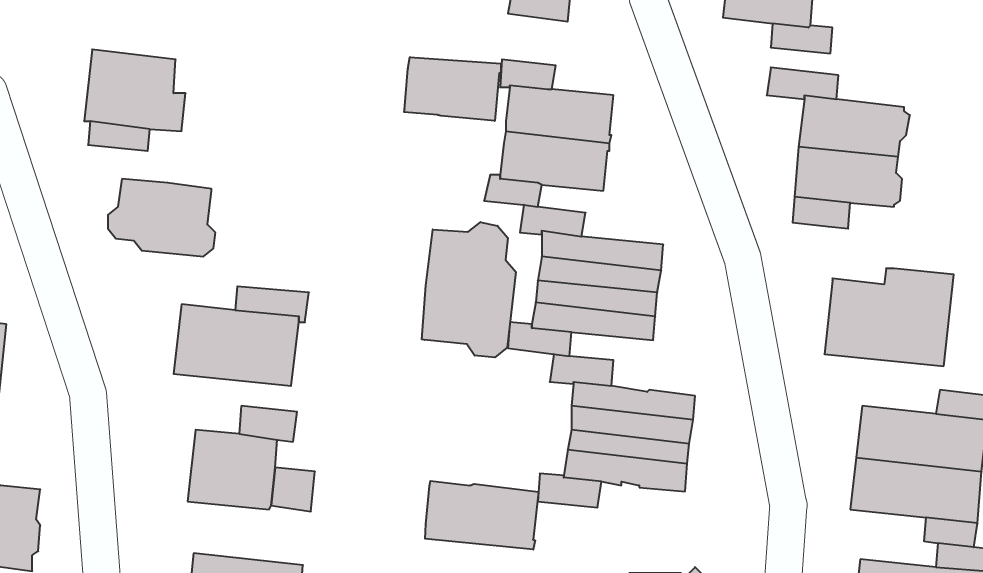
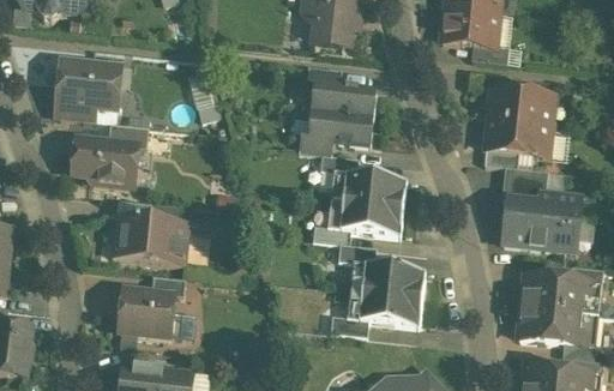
building: [404,57,501,121] -> none
building: none -> [107,125,148,148]
building: [422,222,516,357] -> none
building: none -> [501,168,547,203]
building: [425,481,539,550] -> none

